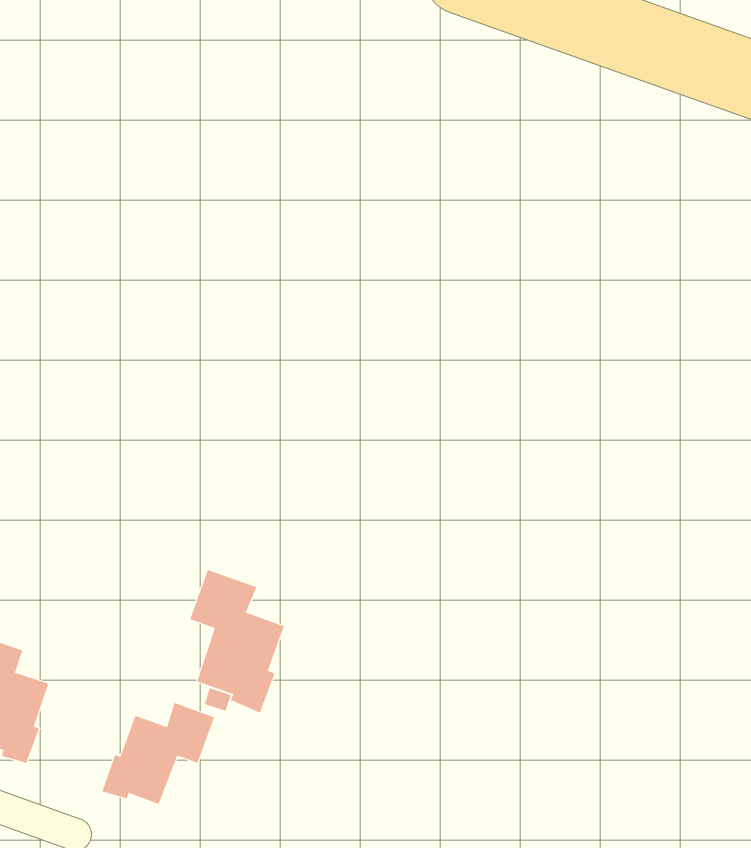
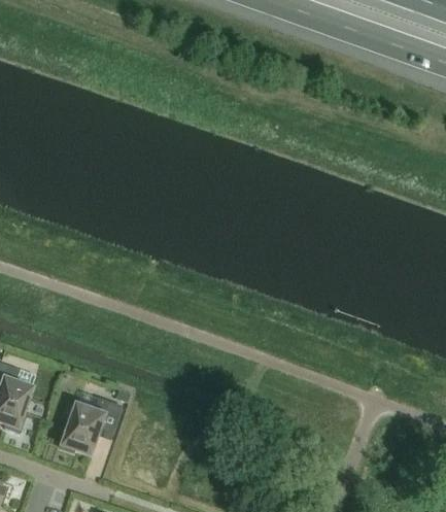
building: [189,569,284,713] -> none

